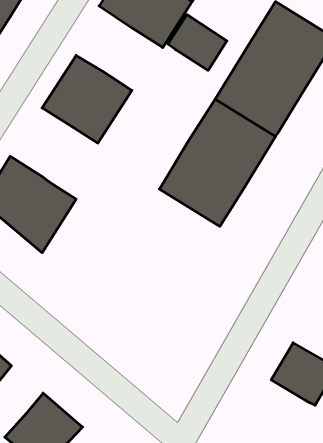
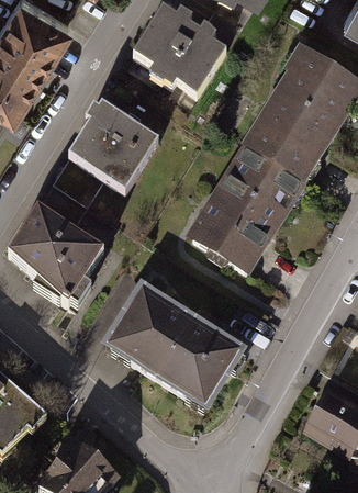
building: [168,15,227,70] -> none
building: none -> [41,155,104,224]
building: none -> [110,288,243,406]

